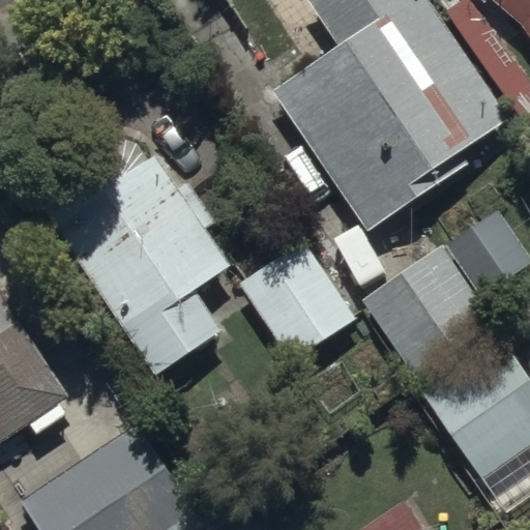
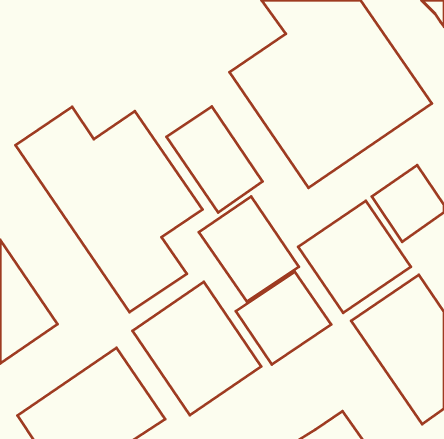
building: none -> [167,106,262,213]
building: none -> [236,272,331,365]
building: none -> [132,282,261,415]

